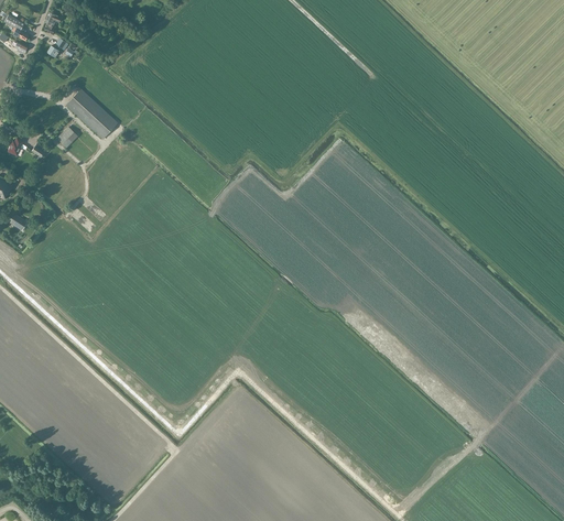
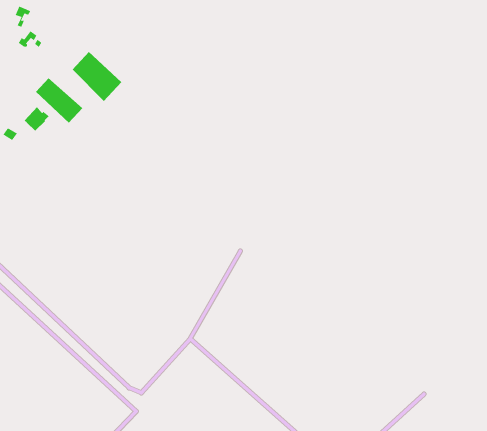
building: none -> [72,51,122,102]

